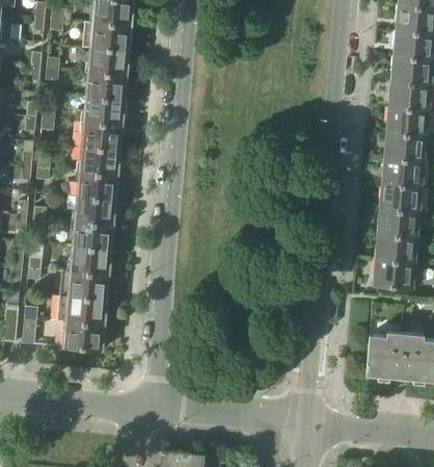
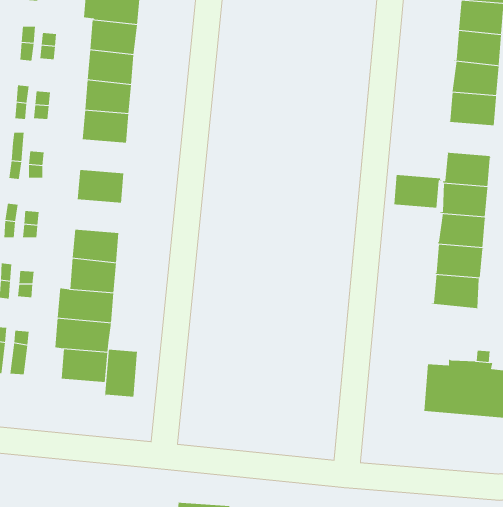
building: [384,133,426,161] -> [392,174,442,208]
building: [79,148,118,176] -> none
building: [75,198,114,226] -> none
building: none -> [105,349,138,397]

